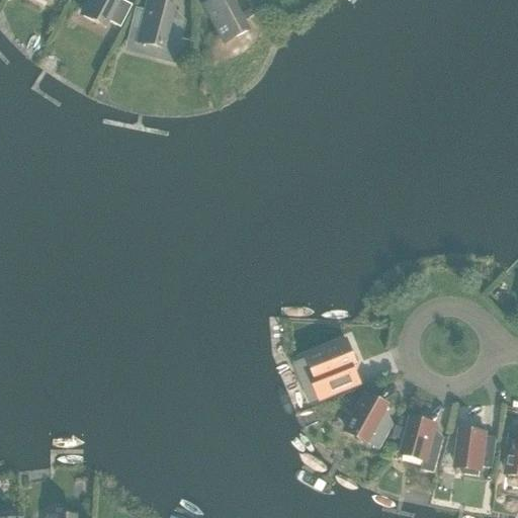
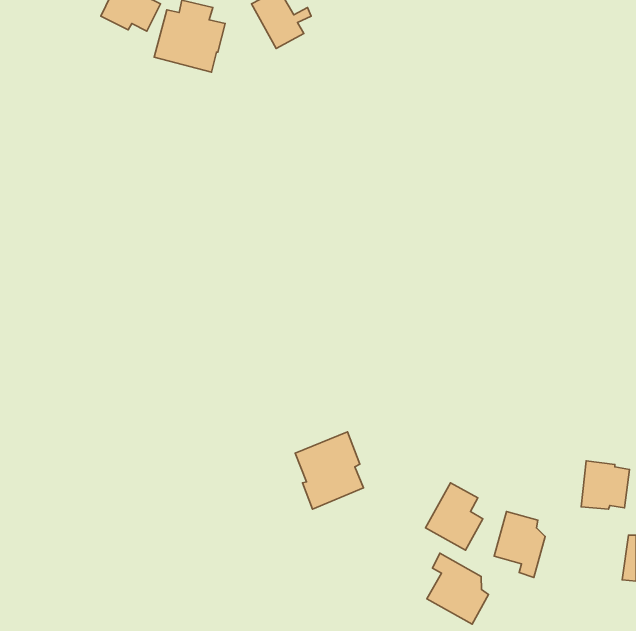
building: [305,333,360,396] -> [295,432,364,509]
building: [456,428,496,467] -> [581,461,630,509]
building: none -> [427,553,488,624]

